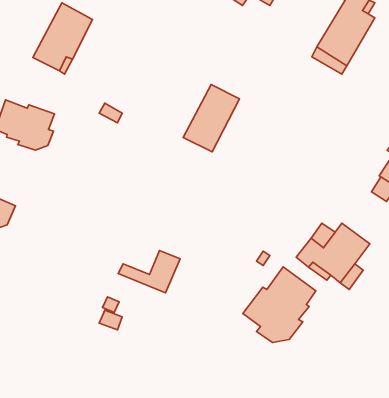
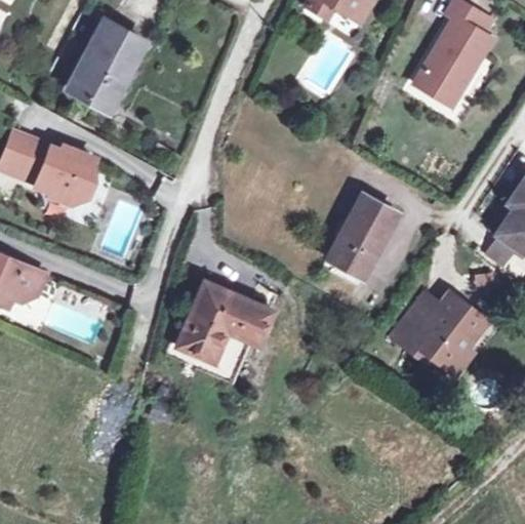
building: [183,85,239,152] -> [326,193,396,276]
building: none -> [179,282,271,356]
building: [243,267,316,342] -> none

